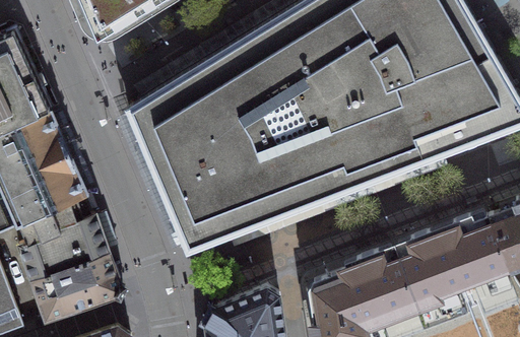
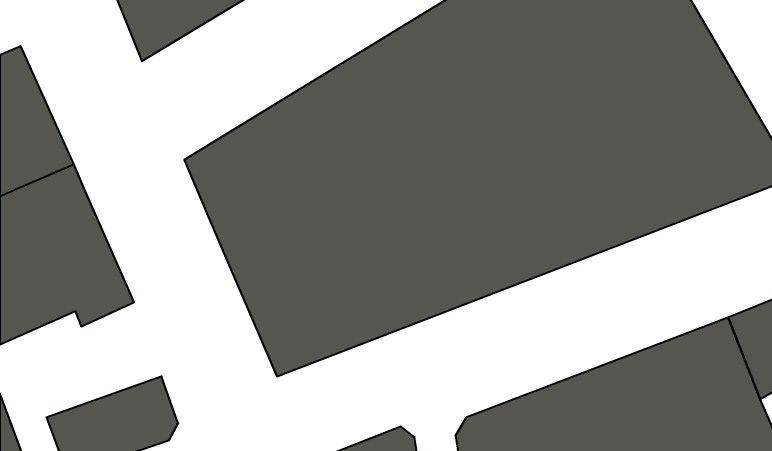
building: [19,208,109,285] -> none

